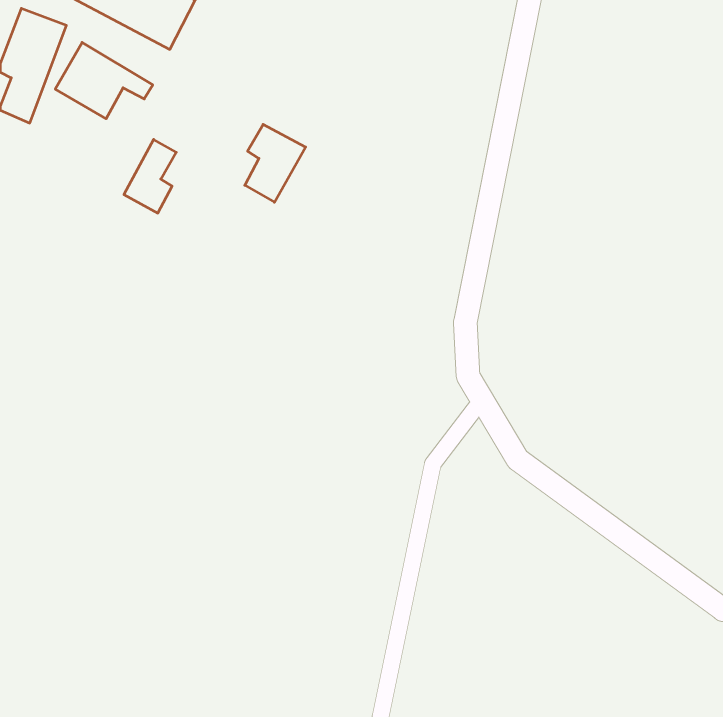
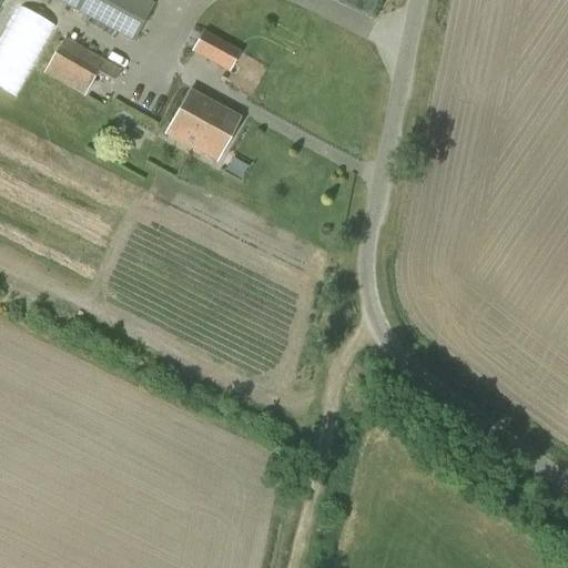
building: none -> [191,28,240,69]
building: [124,139,176,213] -> [165,88,206,145]

